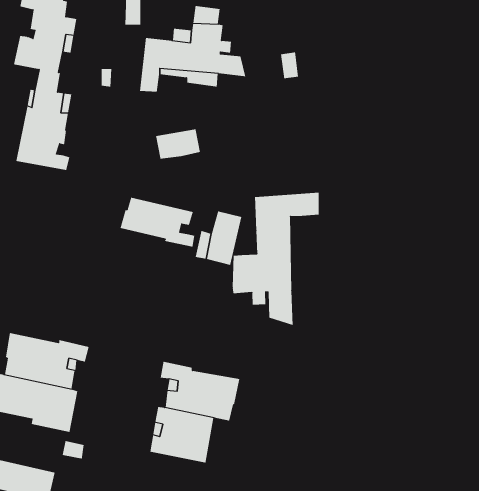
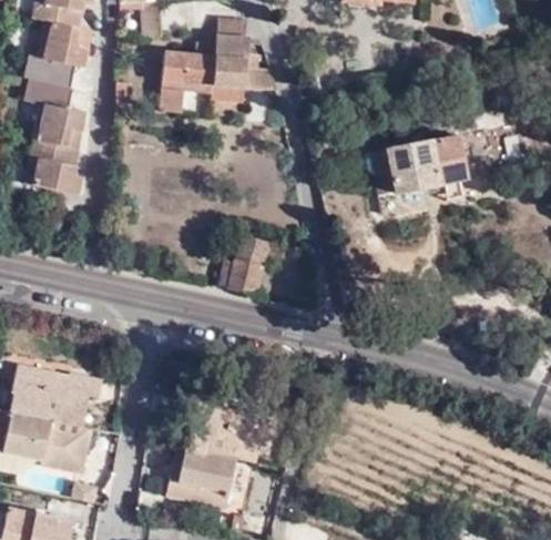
building: none -> [377,137,465,197]
building: [156,128,200,160] -> none
building: [232,192,319,326] -> none
building: [120,197,195,248] -> none

